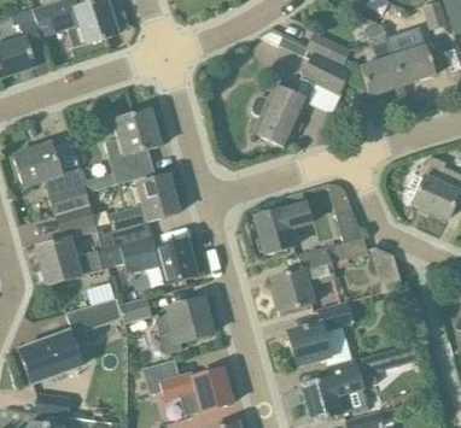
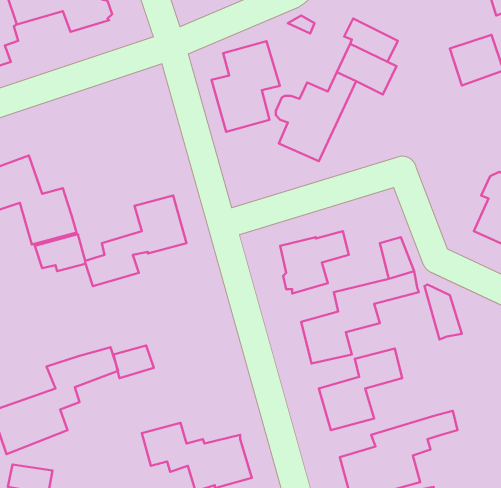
building: [360,20,402,95] -> none
building: [105,109,161,182] -> [211,41,280,132]
building: [103,233,196,283] -> none
building: [36,236,103,285] -> none
building: [154,297,212,353] -> none

